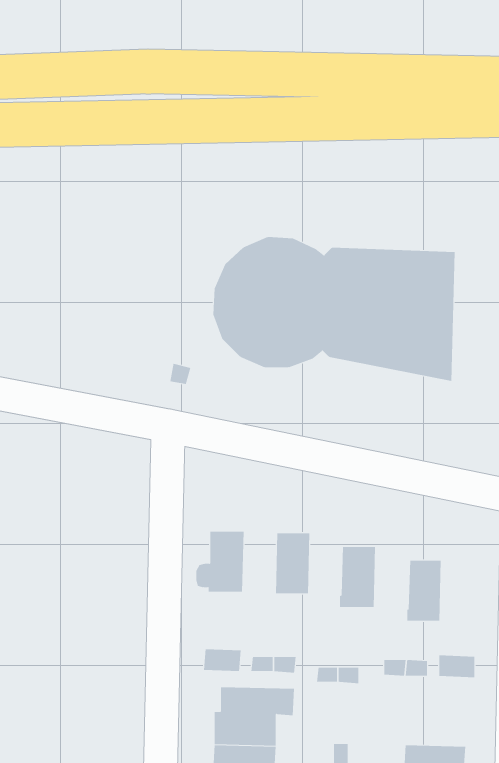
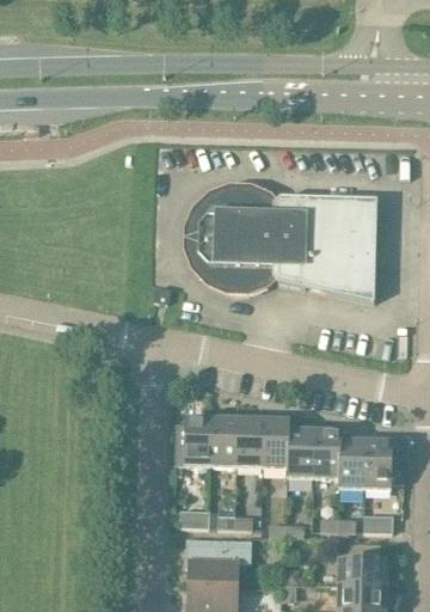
building: none -> [211,417,238,466]
building: none -> [263,418,290,467]
building: none -> [314,429,342,478]
building: none -> [366,440,393,489]
building: none -> [338,543,387,586]

